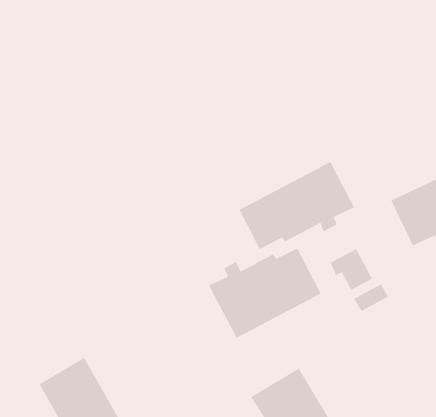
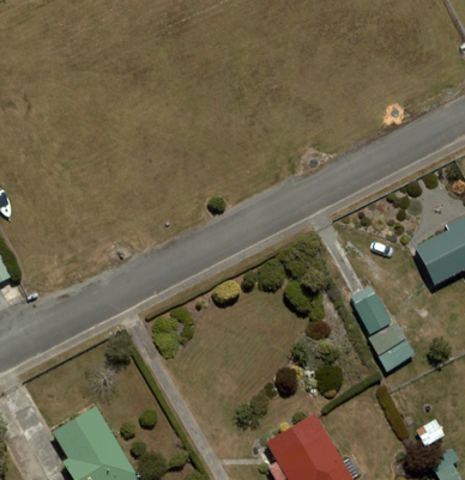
building: [239,161,355,250] -> none
building: [208,248,321,339] -> none

